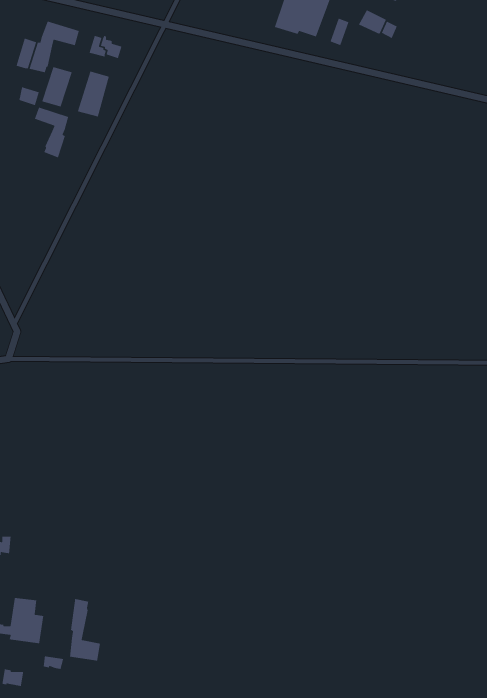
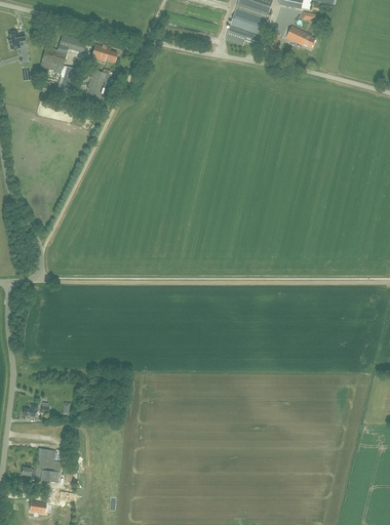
building: [34,106,69,158] -> none
building: [69,598,101,662] -> none

